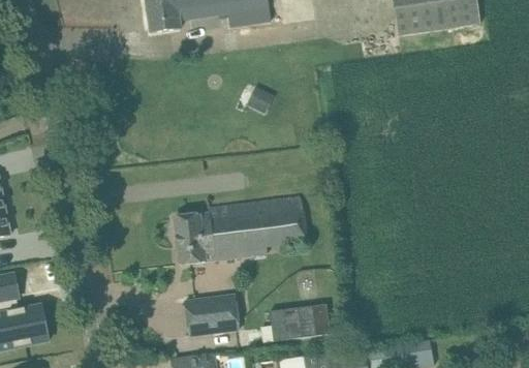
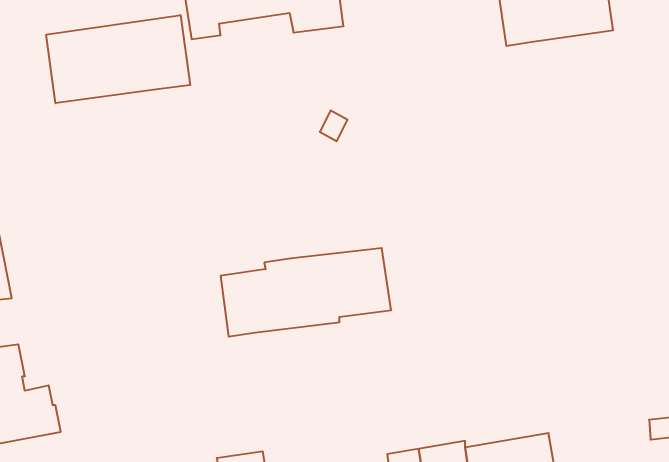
building: none -> [46,15,190,103]
building: [184,293,240,335] -> none
building: [270,304,331,341] -> none

